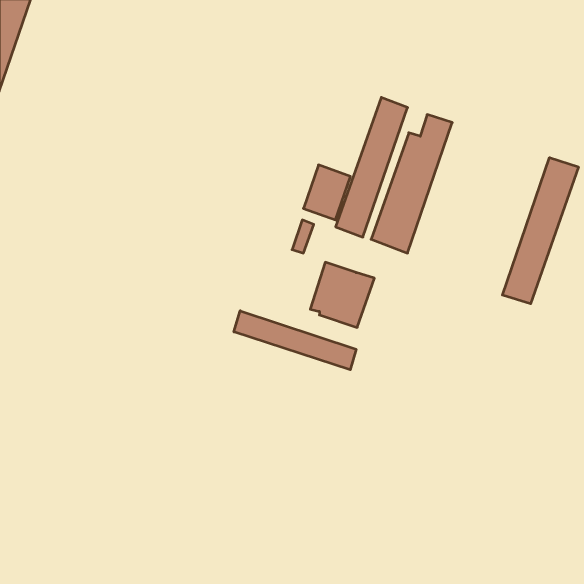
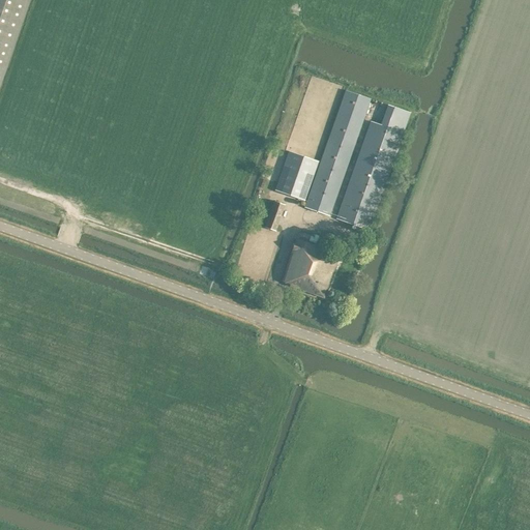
building: [502,158,578,304] -> none
building: [234,311,356,370] -> none

